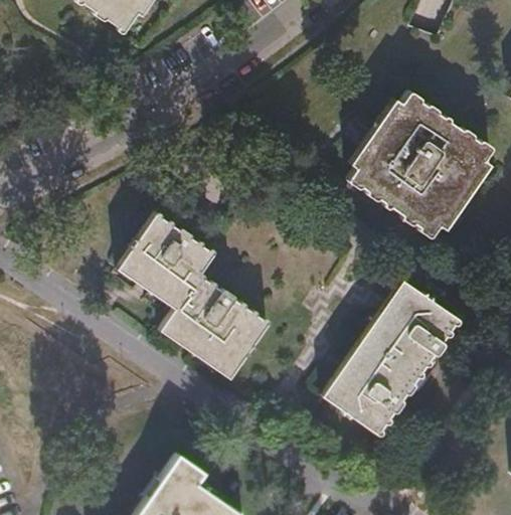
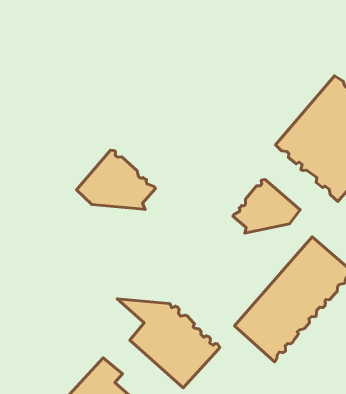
building: none -> [233,179,300,233]
building: [142,277,270,373] -> [117,299,220,388]

